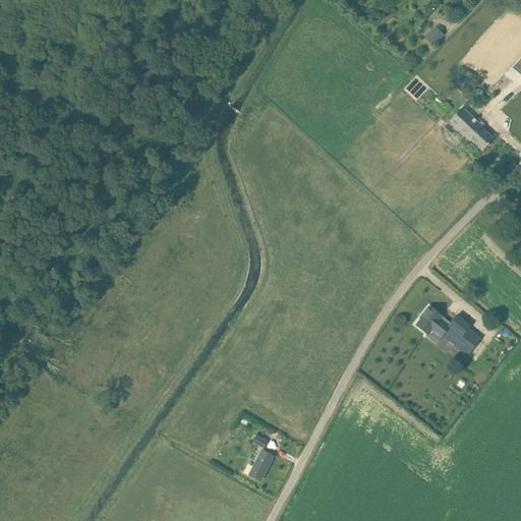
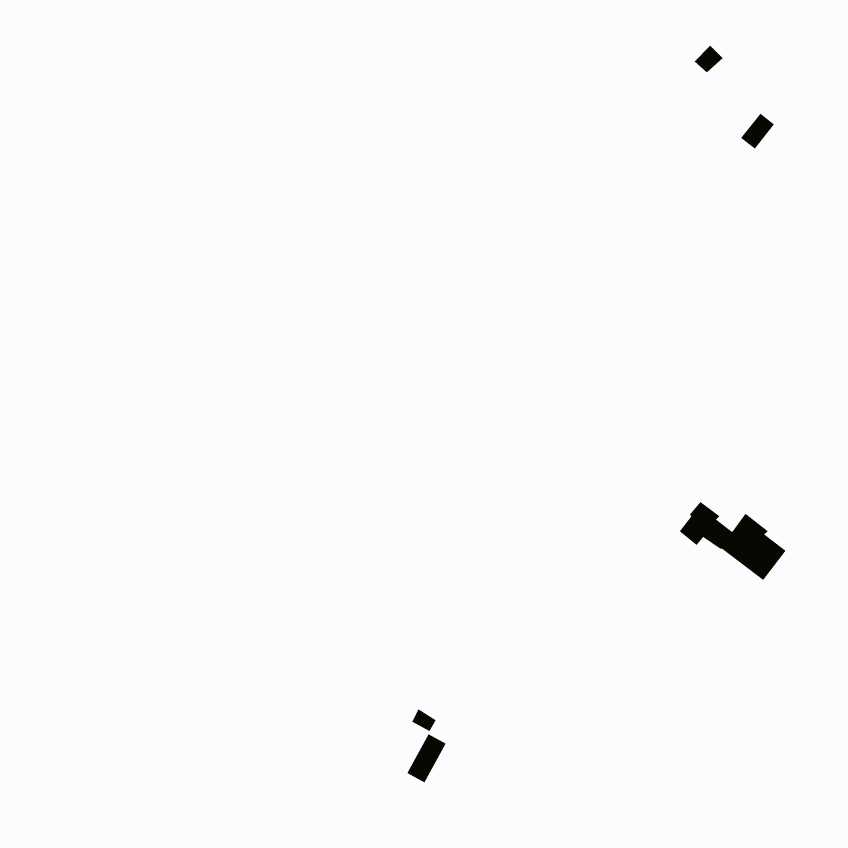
building: [449,107,495,152] -> none

